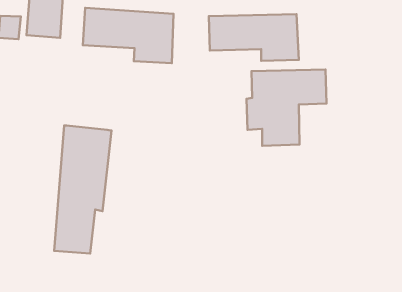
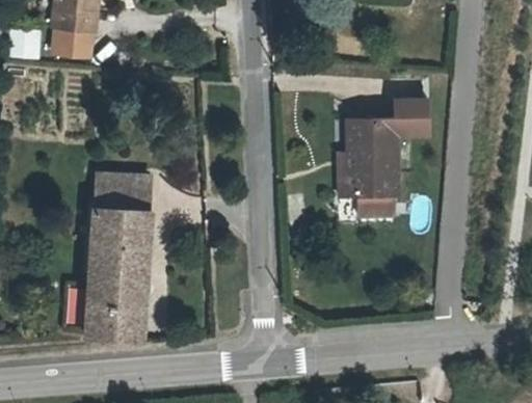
building: [83,8,174,63] -> none
building: [209,14,299,61] -> none

